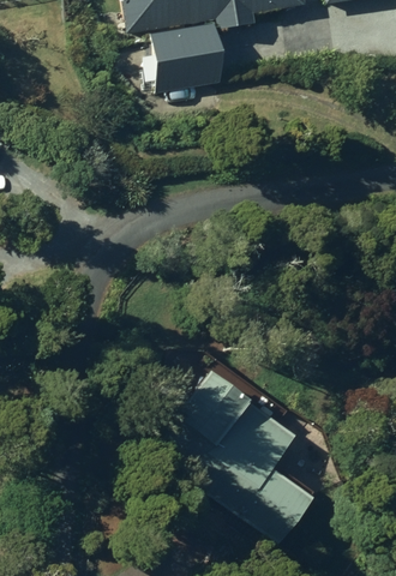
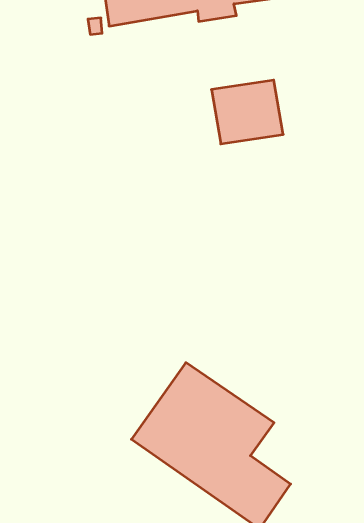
building: [151,23,224,88] -> [211,80,283,144]

